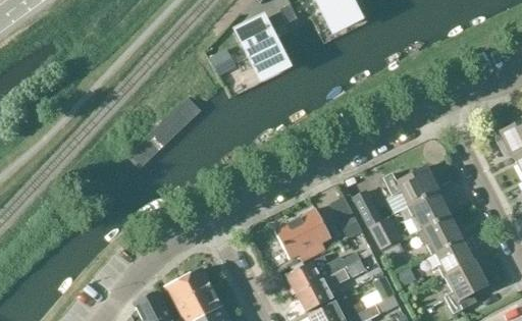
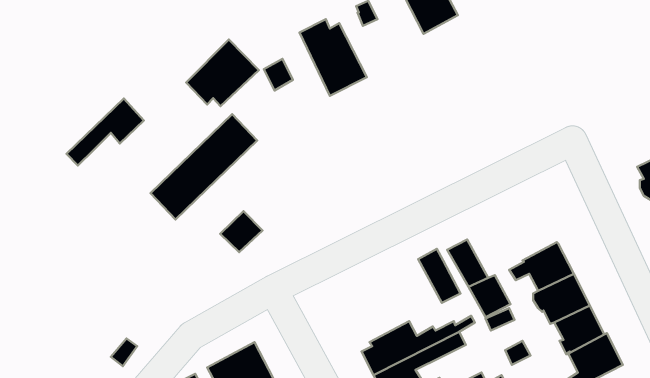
building: none -> [186,39,259,106]
building: none -> [66,99,144,165]
building: [383,166,438,206] -> none
building: none -> [220,211,263,252]
building: [274,209,334,268] -> none

